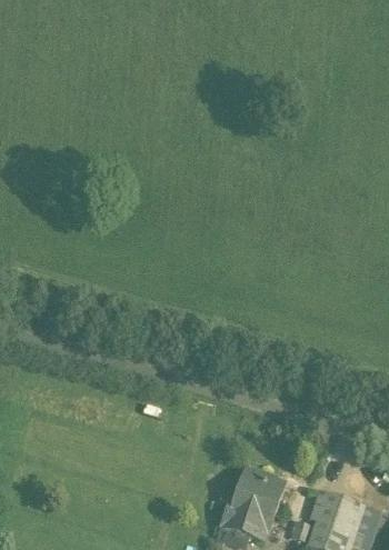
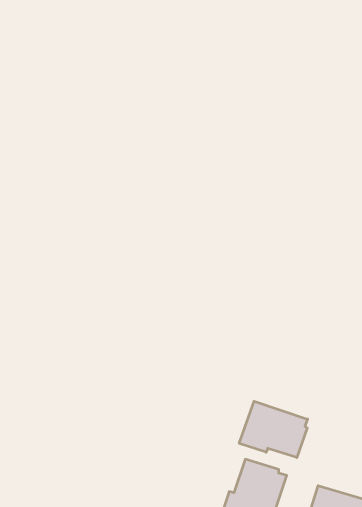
building: none -> [239,401,308,458]

